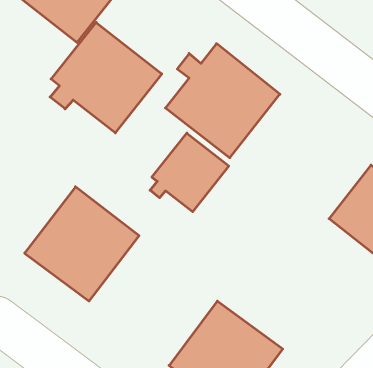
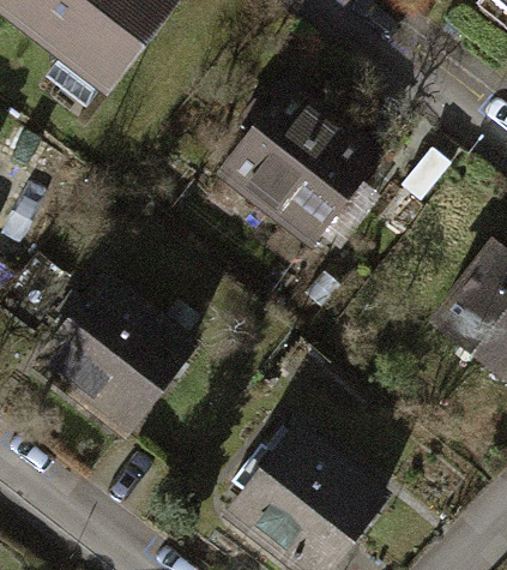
building: [50,22,162,133] -> none
building: [150,133,229,212] -> none

